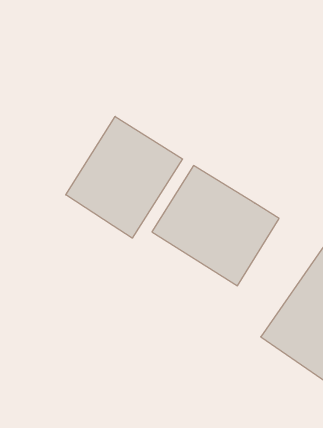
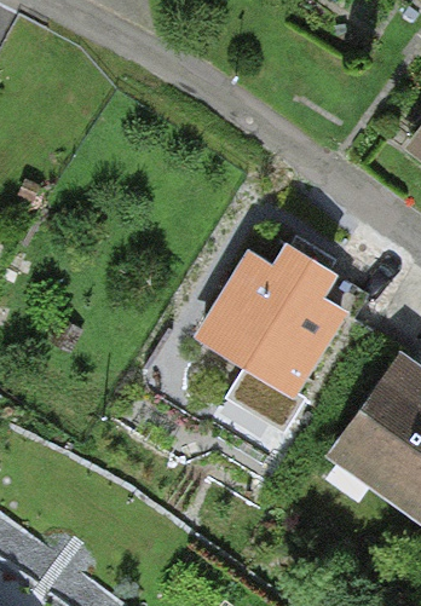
building: [66,116,183,238] -> none

